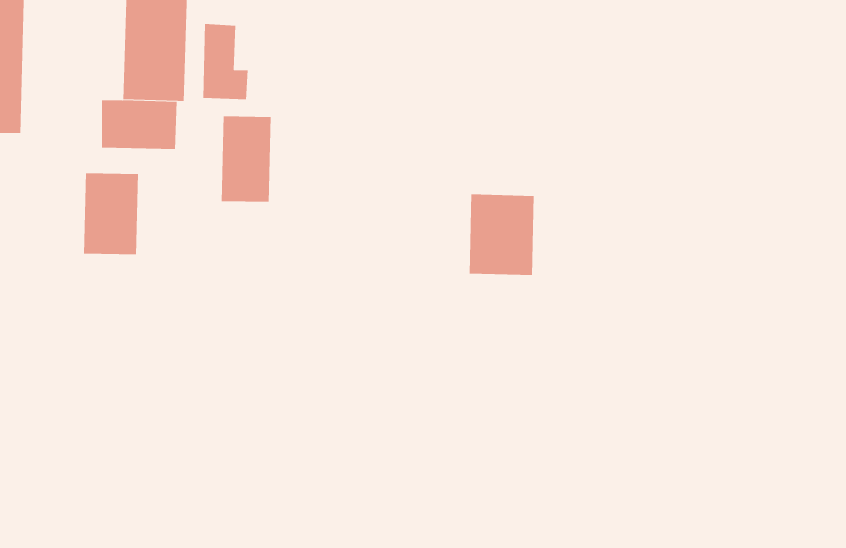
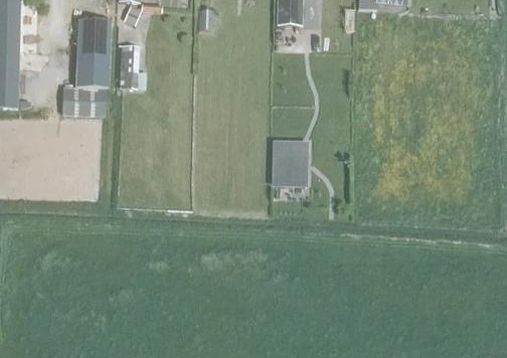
building: [221,116,271,203] -> none
building: [83,173,139,255] -> none

